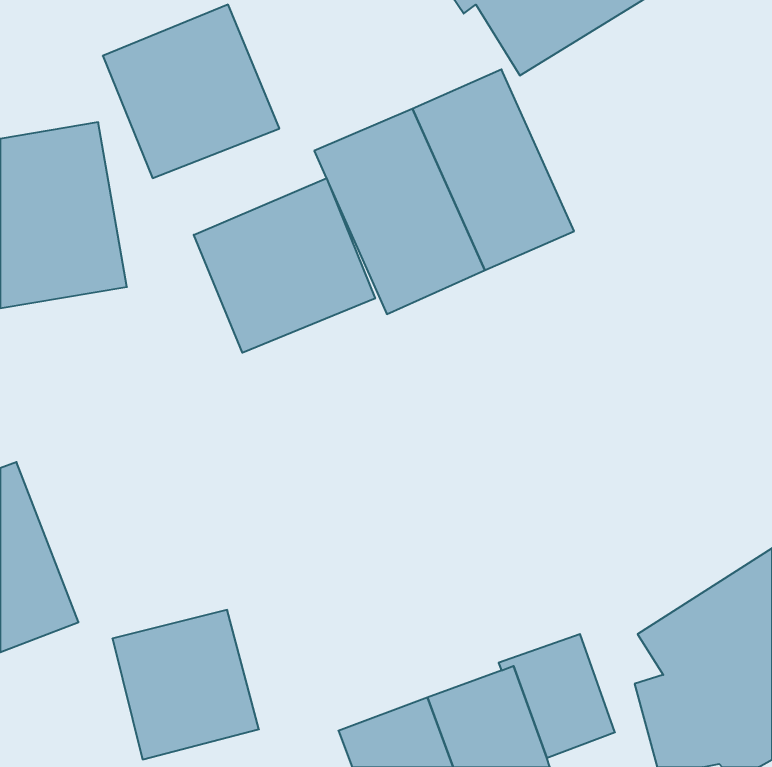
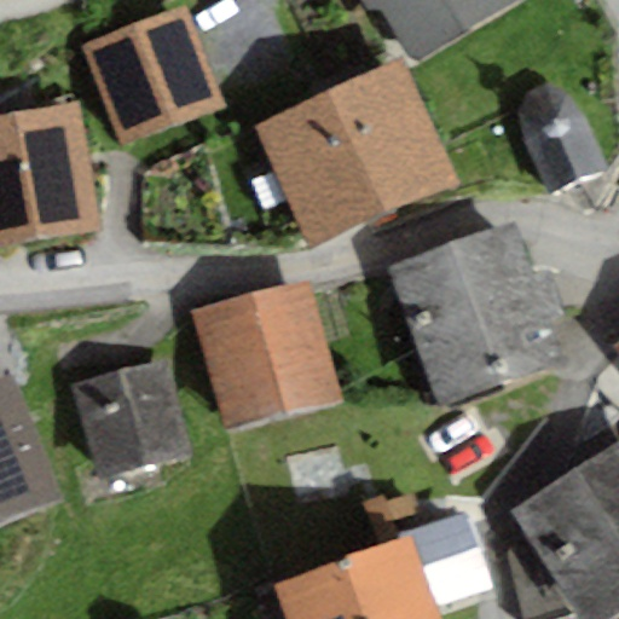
building: none -> [519,81,607,192]
building: [194,178,375,353] -> none
building: none -> [388,216,563,399]
building: none -> [196,280,342,435]
building: [112,610,259,759] -> [74,359,191,479]

